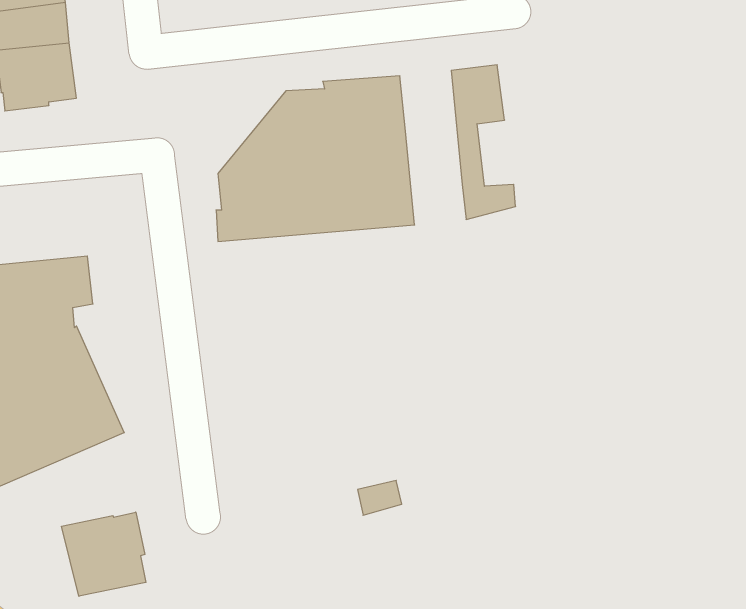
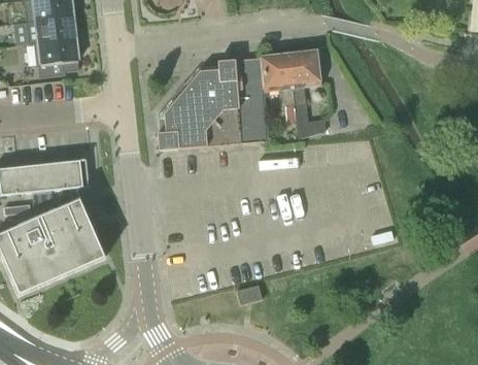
building: none -> [261,55,296,120]
building: [62,512,146,596] -> none

